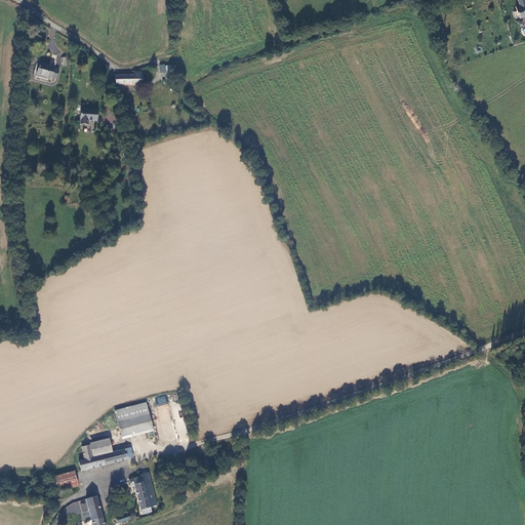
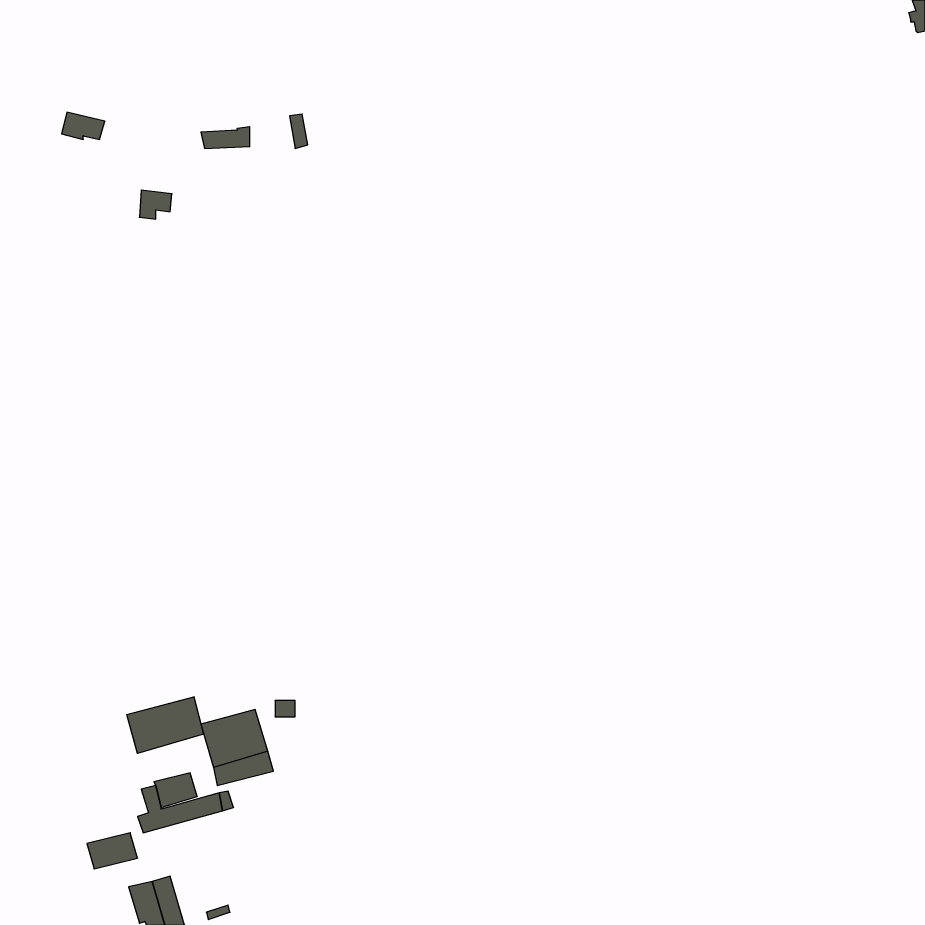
building: none -> [127,697,204,753]
building: [127,471,157,515] -> none

